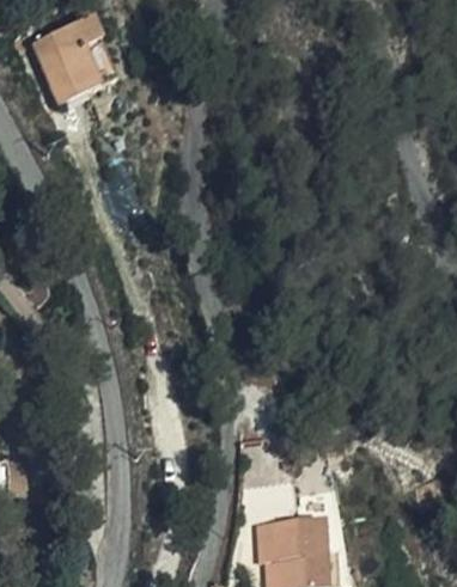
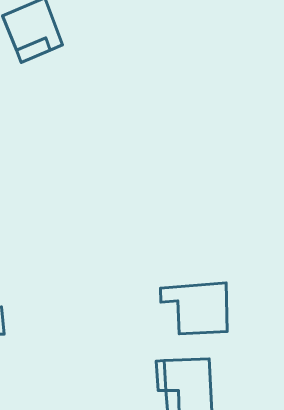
building: none -> [160,283,227,334]

